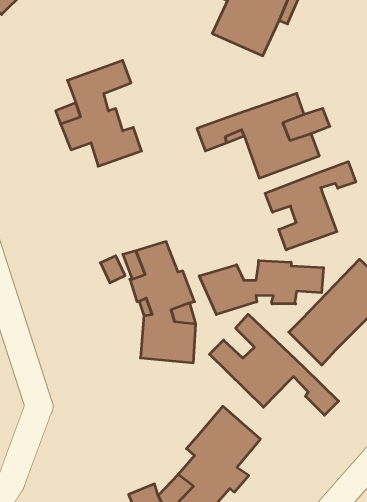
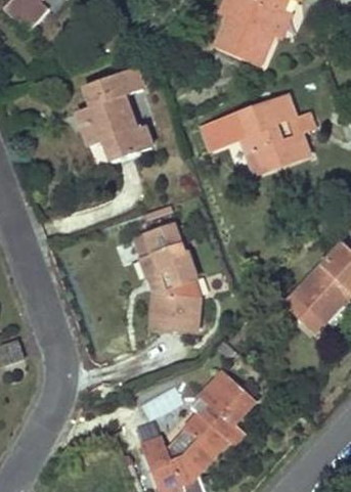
building: [265,162,356,250] -> none
building: [199,260,324,315] -> none
building: [209,314,339,415] -> none

